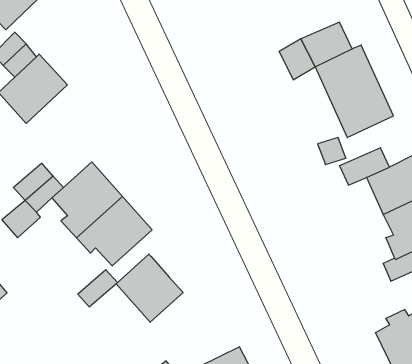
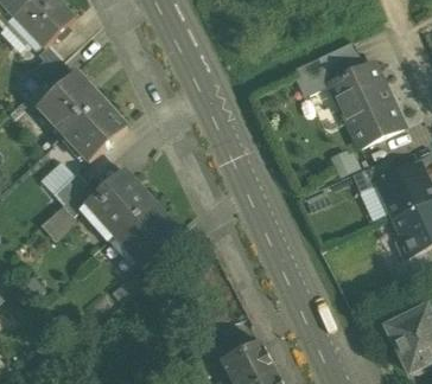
building: none -> [63,98,127,162]
building: [116,254,183,322] -> none

